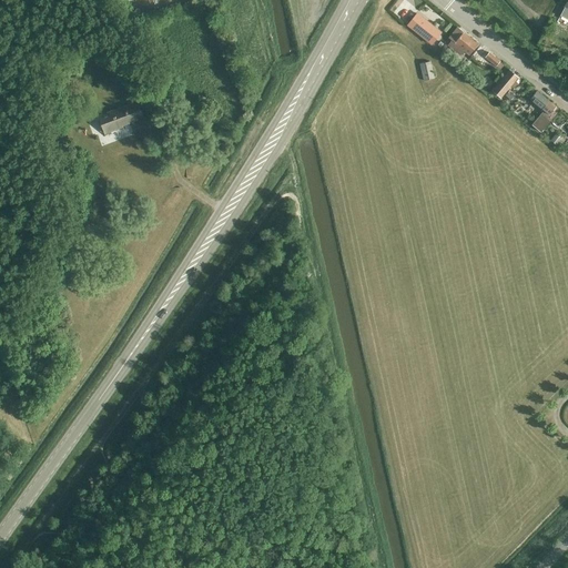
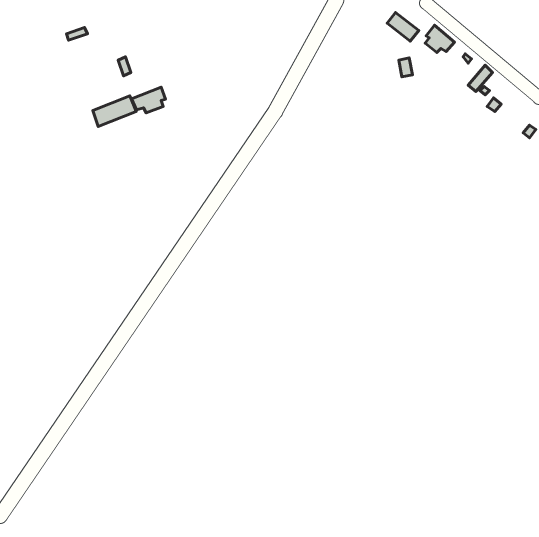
building: [530,92,557,133] -> none
building: none -> [132,87,166,113]

